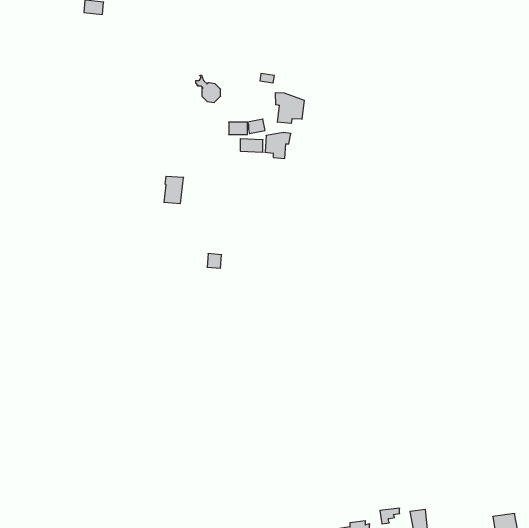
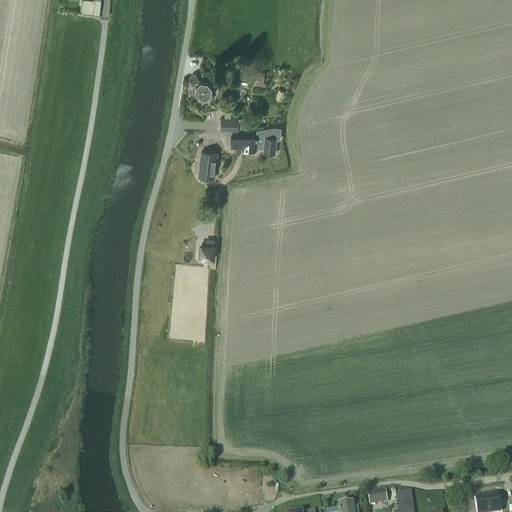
building: [276,93,304,123] -> none
building: [164,176,184,203] -> [199,153,218,179]

